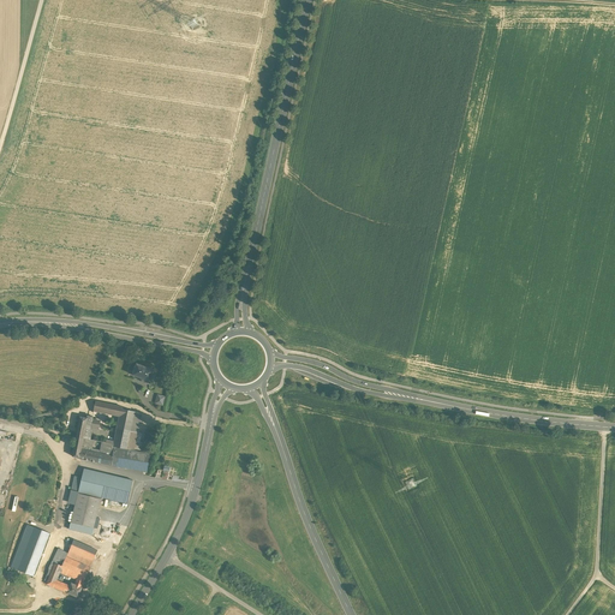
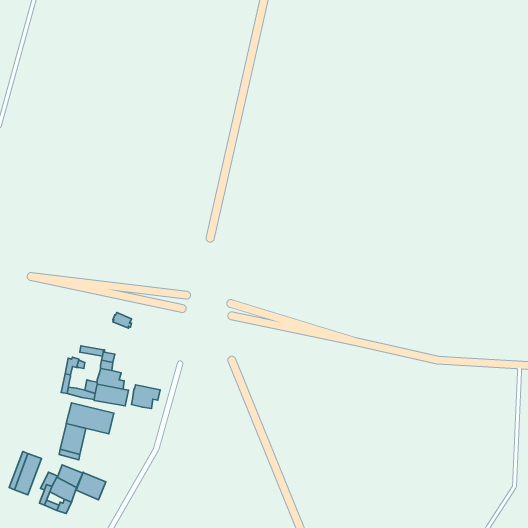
building: none -> [132,385,160,409]
building: none -> [76,472,106,500]

